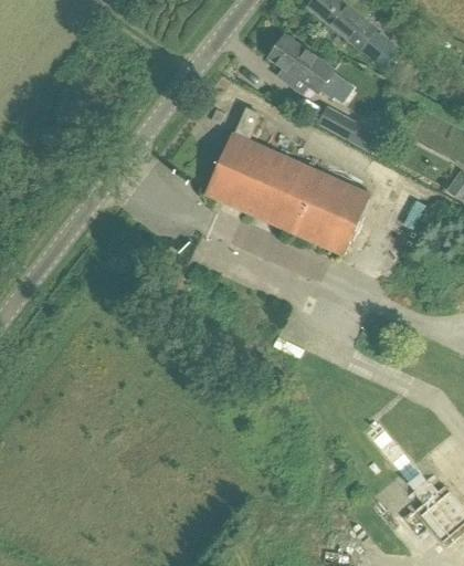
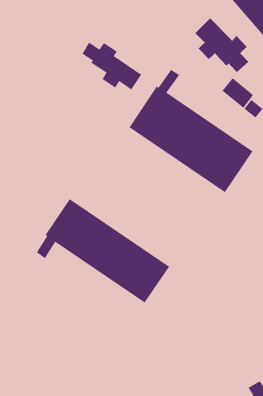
building: none -> [82,42,142,90]
building: none -> [36,198,170,303]

